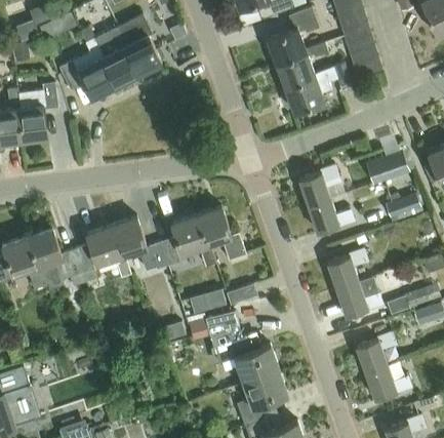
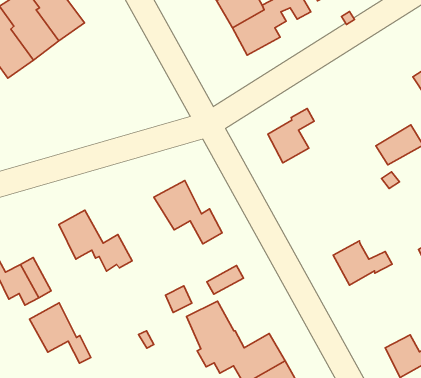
building: [366,150,410,186] -> none
building: [306,198,353,233] -> none
building: [160,216,216,268] -> none
building: [86,226,131,278] -> [30,303,91,363]
building: [326,248,366,289] -> none
building: [355,332,395,372] -> none

